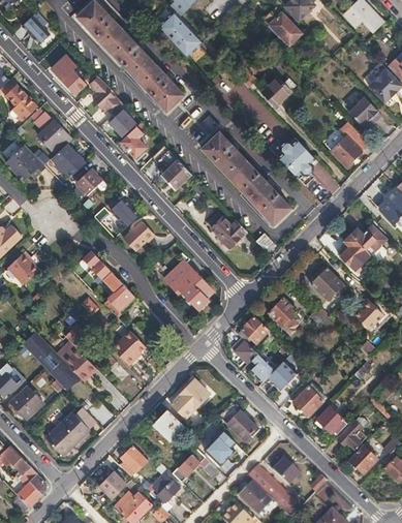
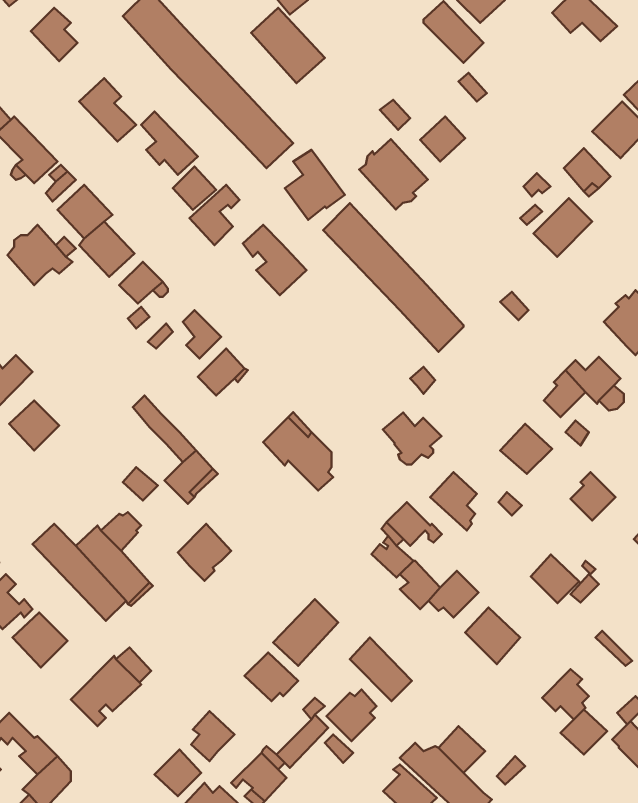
building: [275,135,317,179] -> [359,139,428,209]
building: [211,216,247,248] -> [383,413,441,464]
building: [317,406,347,436] -> [531,555,579,603]

